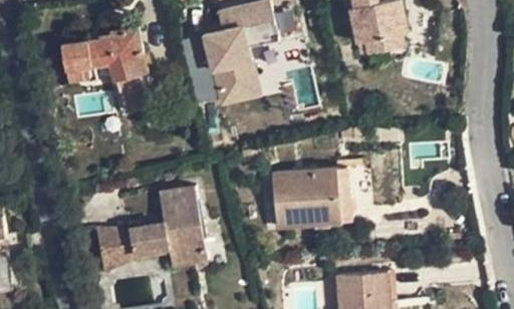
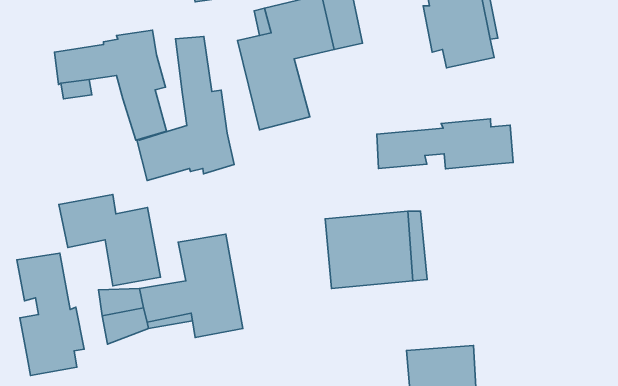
building: none -> [137,36,234,180]
building: none -> [377,119,513,169]
building: none -> [59,195,160,286]
building: none -> [17,253,84,375]

